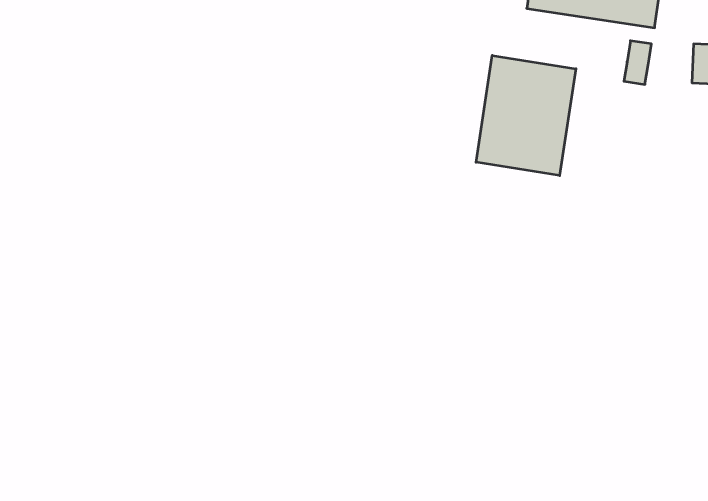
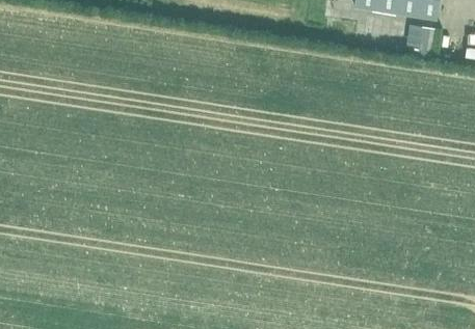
building: [476,55,576,176] -> none

